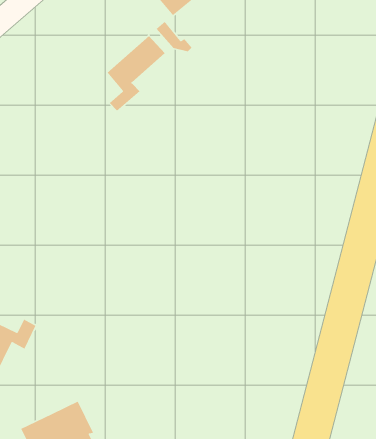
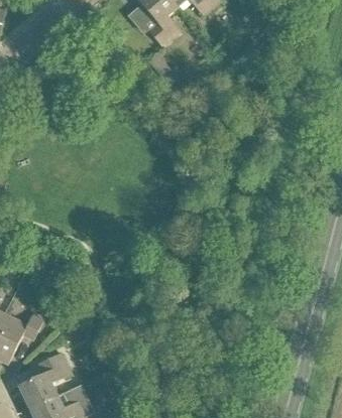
building: [106,35,166,112] -> none
building: none -> [18,353,71,408]

